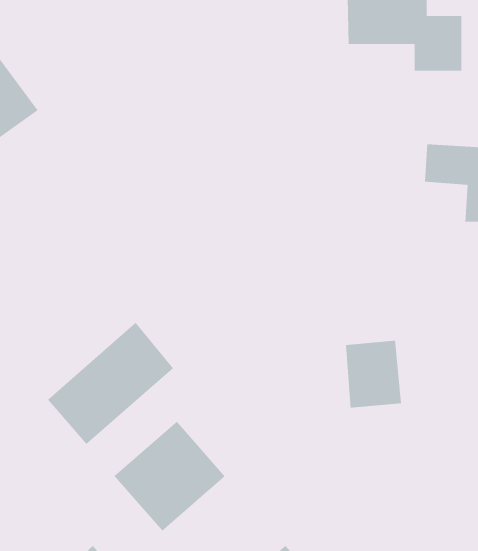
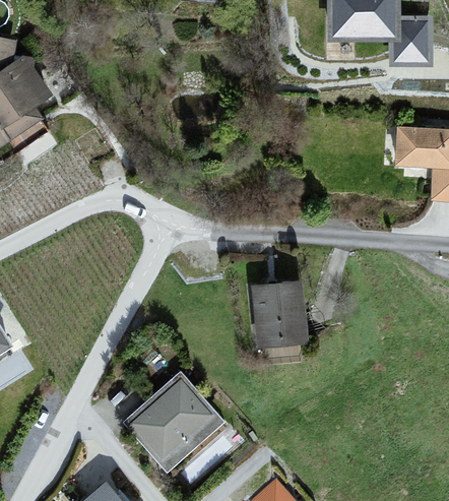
building: [47,322,174,445] -> none
building: [345,340,402,408] -> [255,285,305,345]

